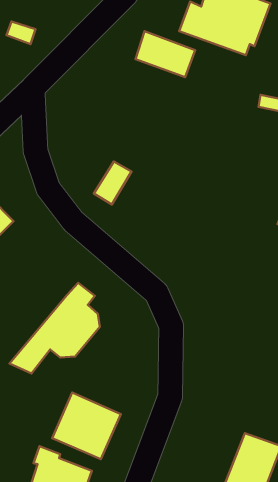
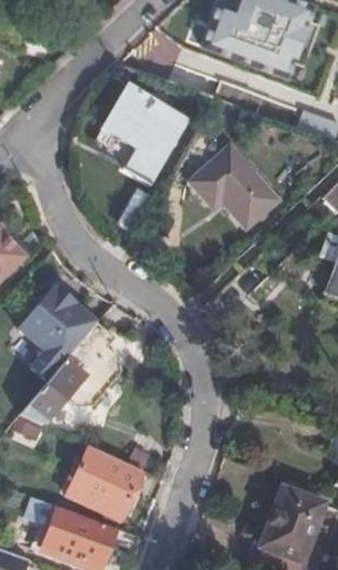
building: none -> [99,87,186,184]
building: none -> [187,142,280,226]
building: none -> [19,294,97,365]

